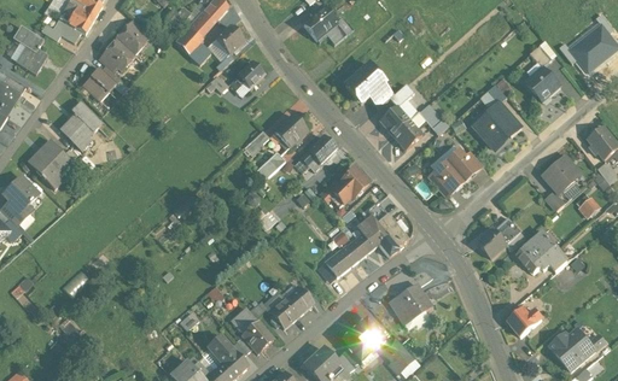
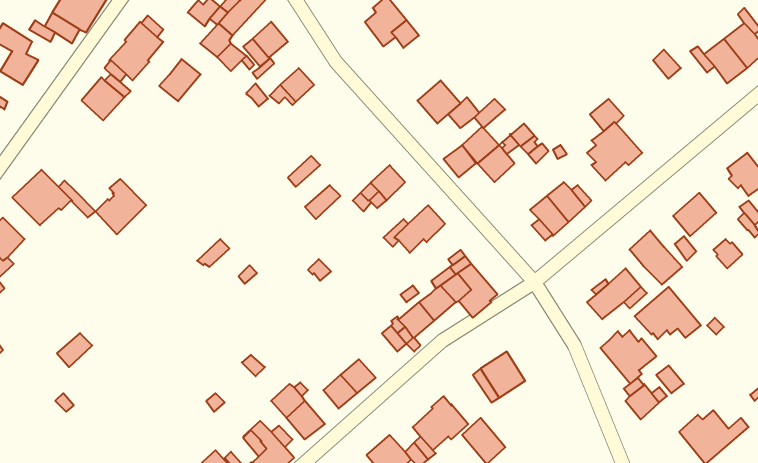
building: none -> [159,59,201,101]
building: [527,70,560,102] -> none
building: [60,104,100,147] -> [95,179,146,234]
building: [274,115,308,147] -> none
building: none -> [629,230,682,285]
building: none -> [600,330,656,384]

